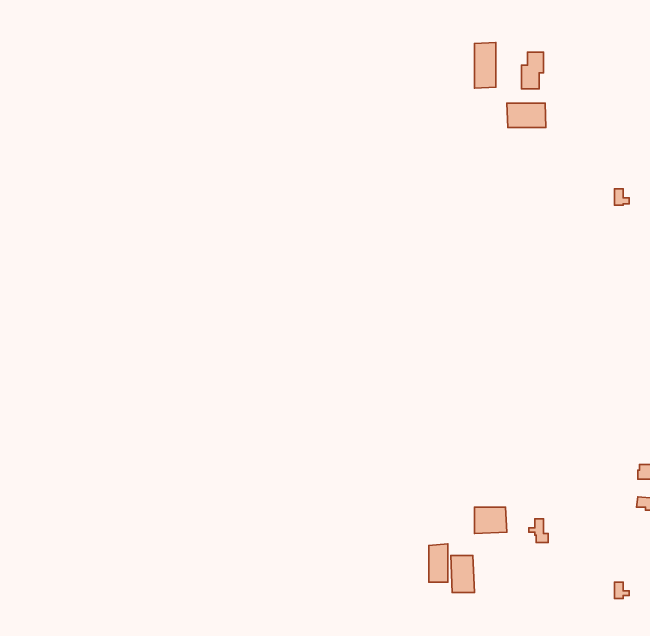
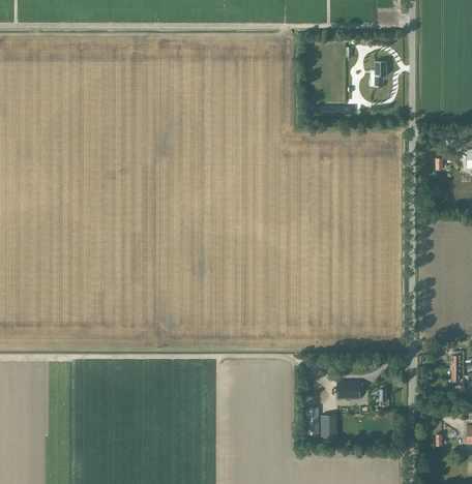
building: [475,43,496,88] -> none
building: [507,103,546,127] -> none

